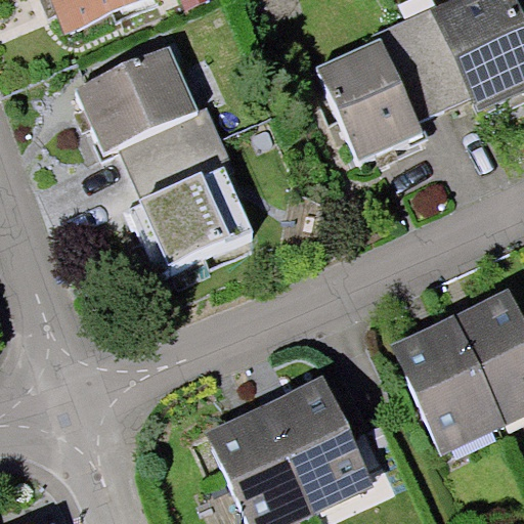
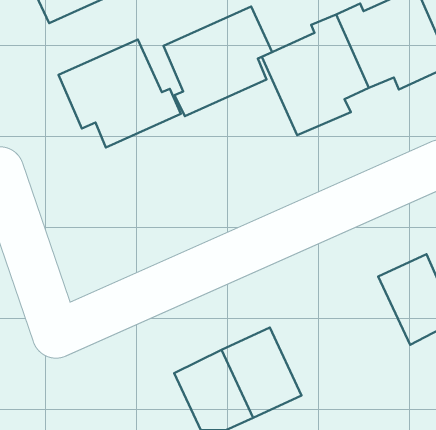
building: none -> [163,7,272,116]
building: [129,135,252,274] -> none
building: [398,329,492,436] -> none

